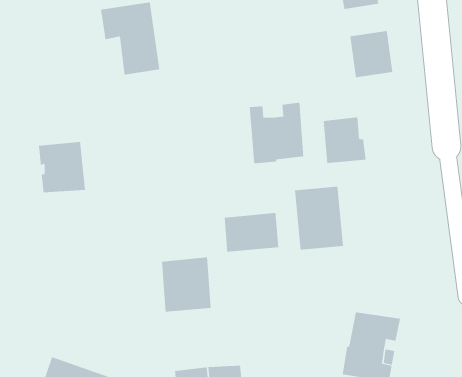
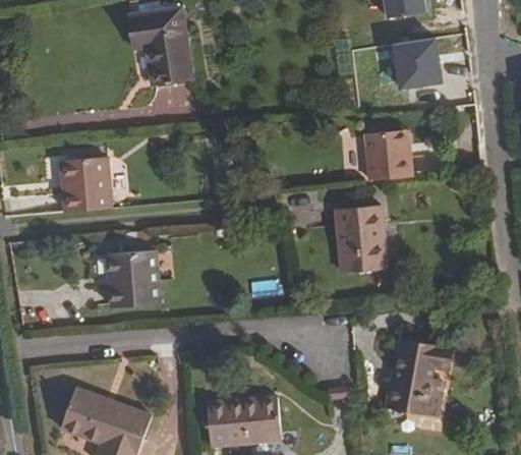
building: [249,102,304,164] -> none
building: [224,212,279,253] -> none
building: [161,257,212,312] -> [107,248,161,307]

